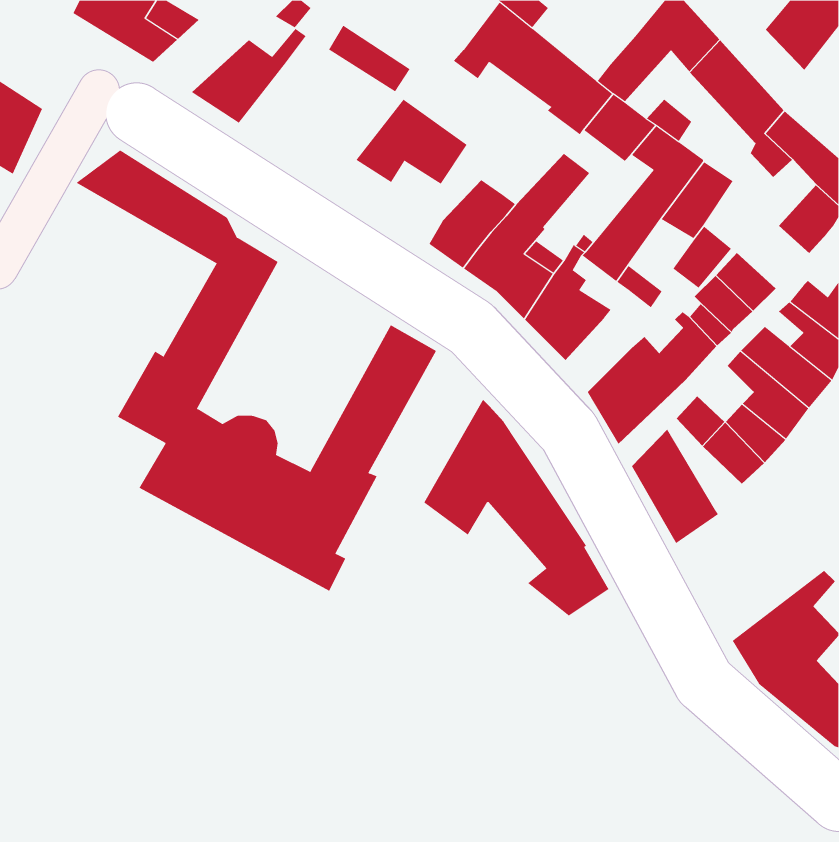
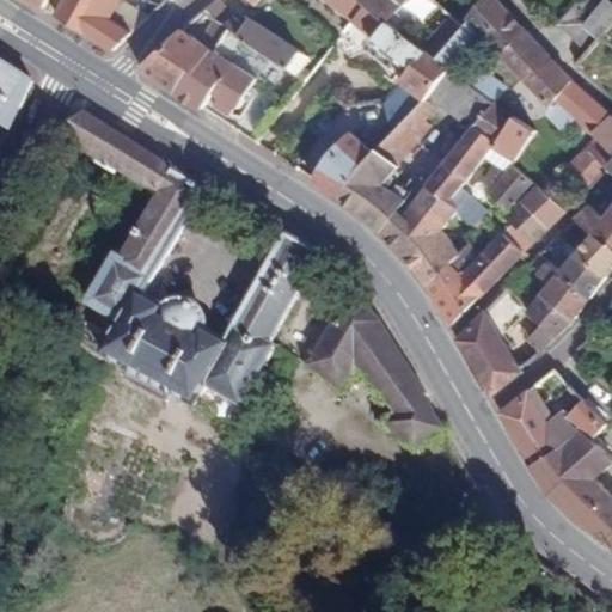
building: [355,99,467,185] -> [173,45,255,108]
building: none -> [410,231,458,284]
building: none -> [497,386,598,465]

